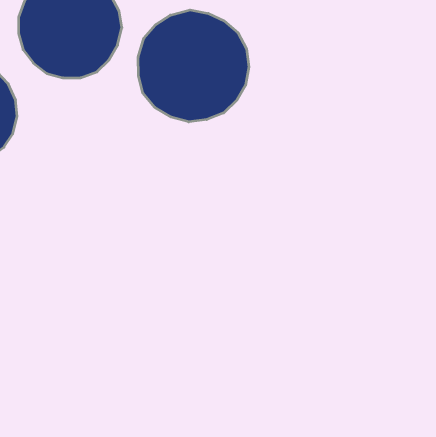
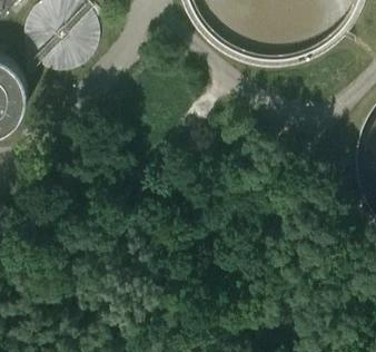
building: [138,10,249,122] -> none

